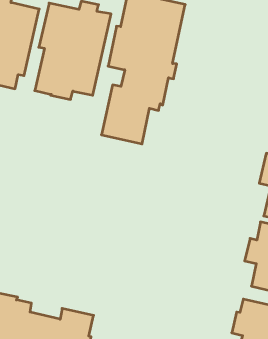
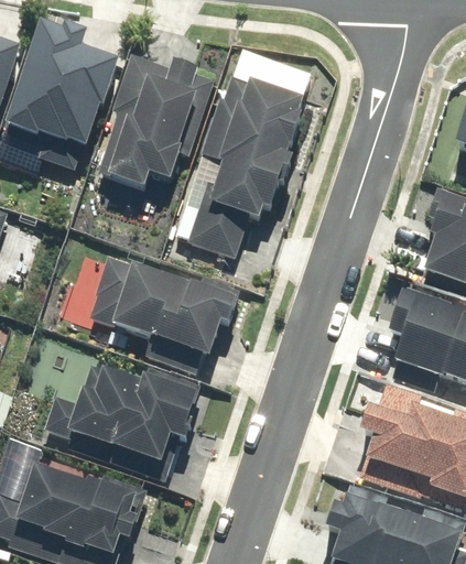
building: none -> [63,247,240,372]
building: none -> [44,360,204,480]

